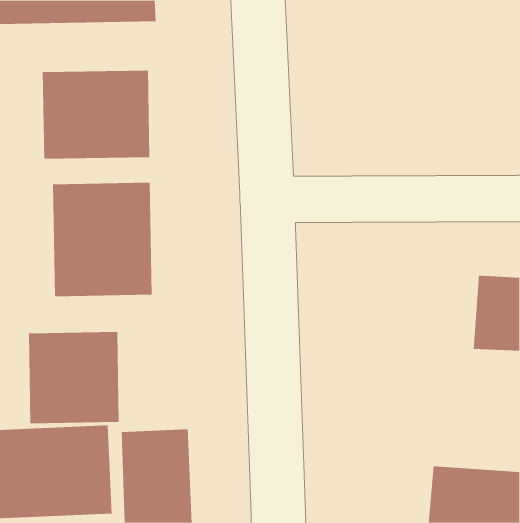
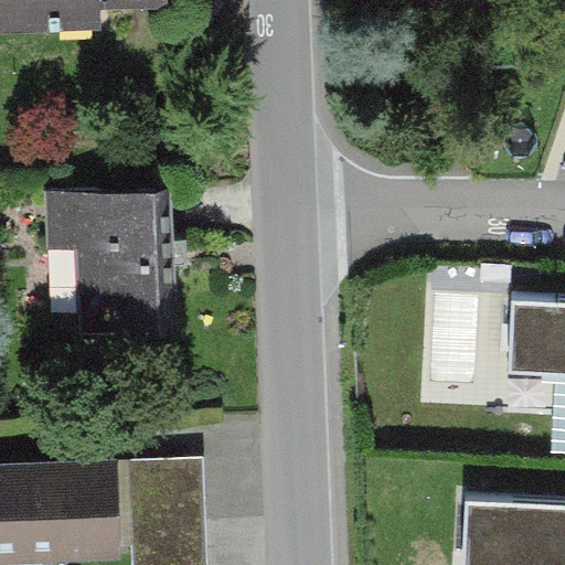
building: [42,70,150,160] -> none
building: [28,331,119,424] -> none

